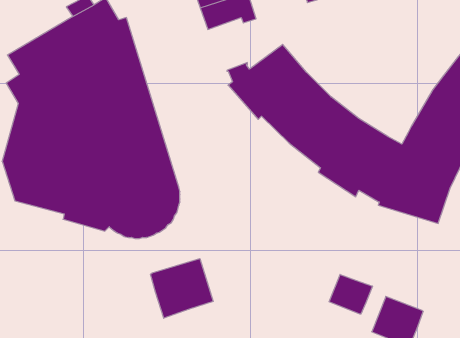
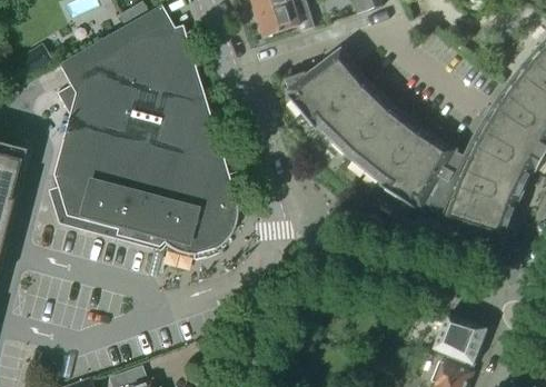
building: [151,259,213,318] -> none
building: [329,274,372,314] -> none

